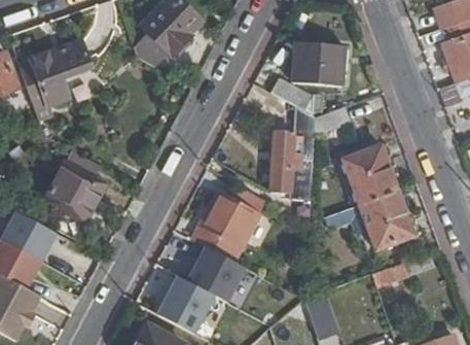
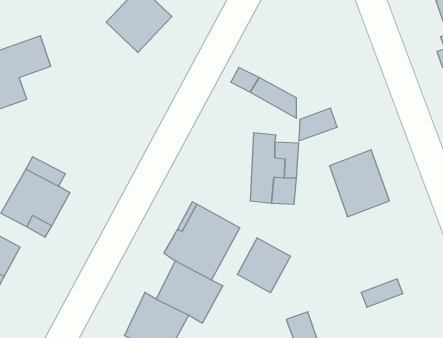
building: [294,44,344,85] -> none
building: [359,191,414,251] -> none
building: none -> [237,238,290,293]

